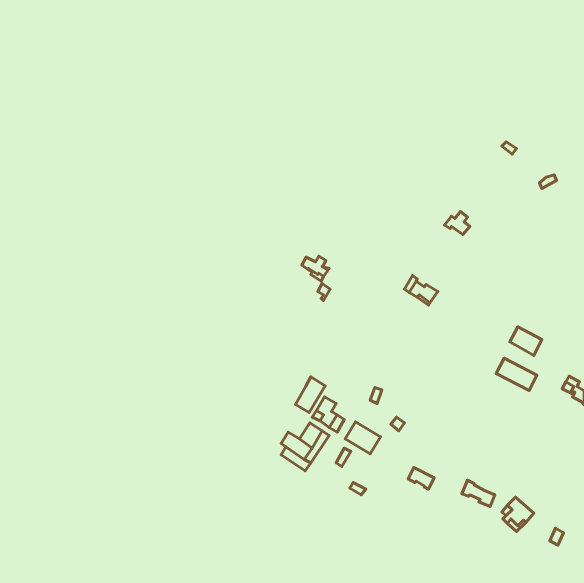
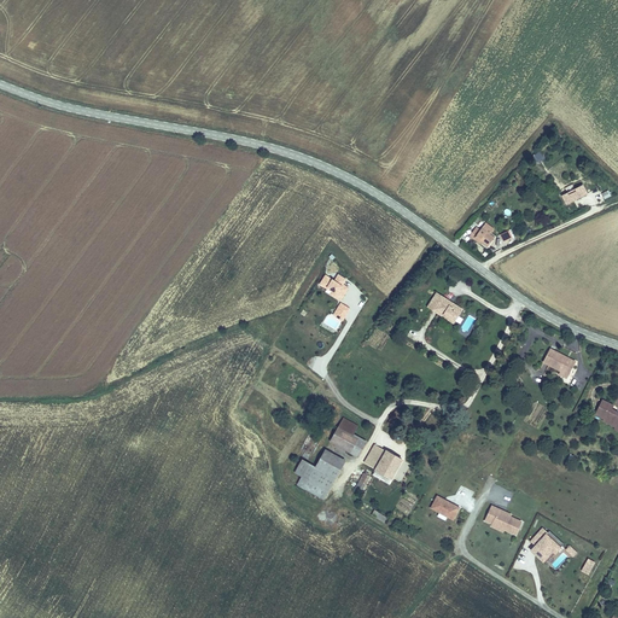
building: [496,358,537,391] -> none
building: [295,377,325,412] -> none

